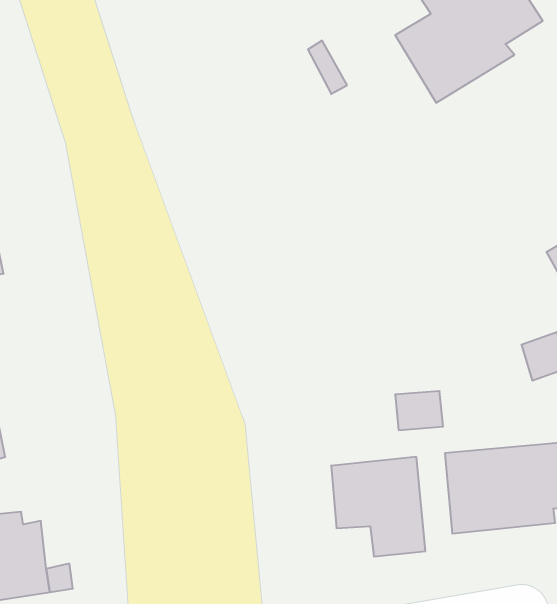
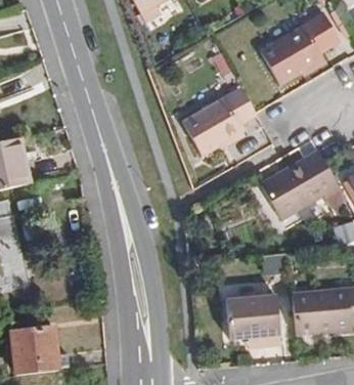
building: none -> [179,89,252,156]
building: none -> [262,153,345,218]

